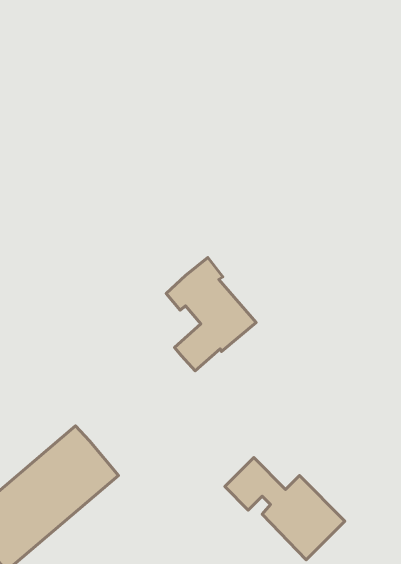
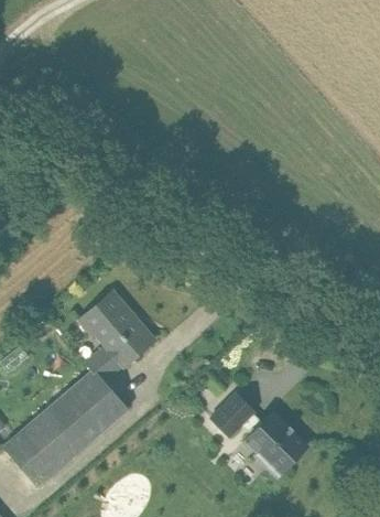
building: [166,258,256,371] -> [82,291,153,381]

